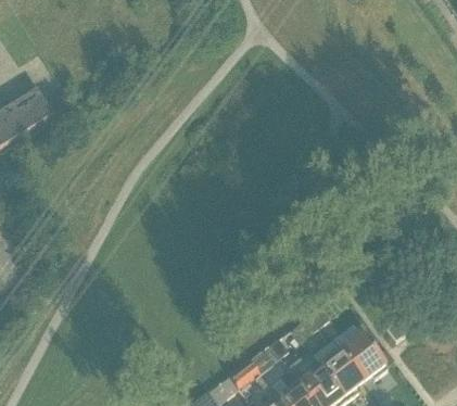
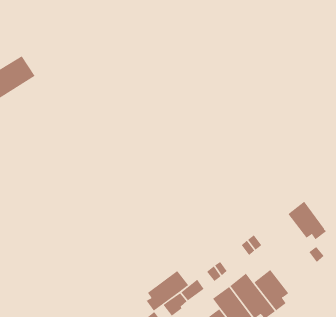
building: [342,330,390,378] -> [288,201,327,240]
building: none -> [146,270,189,311]

